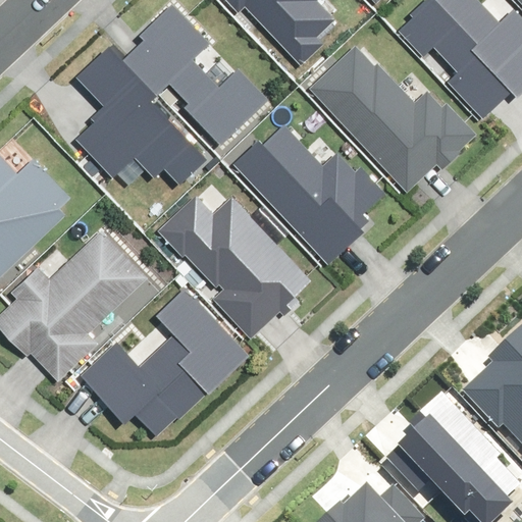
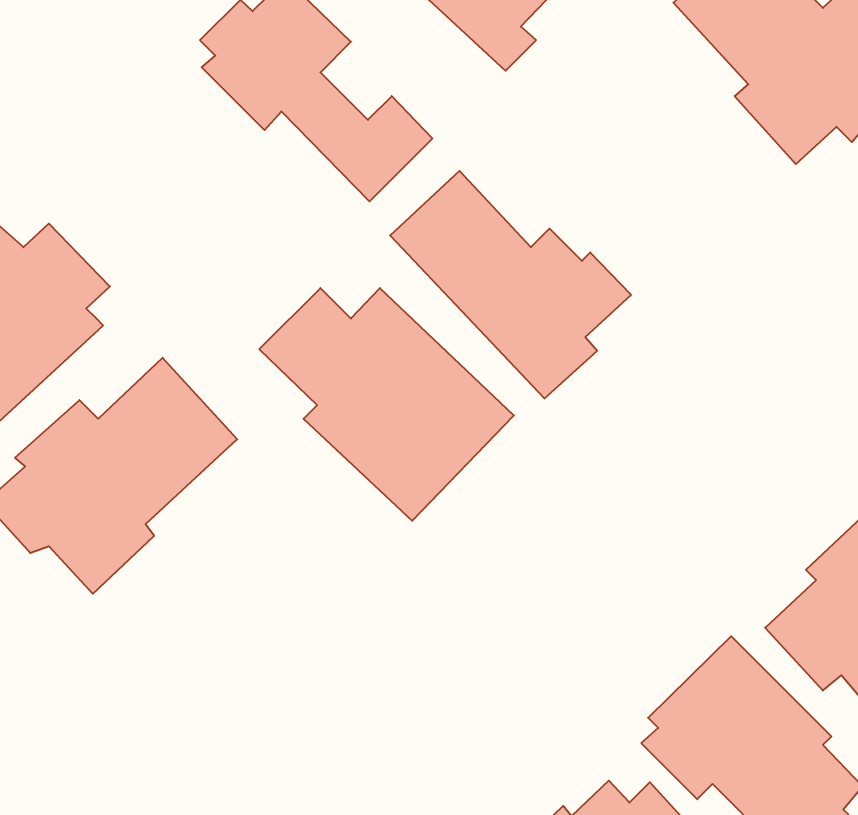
building: [75,45,204,185] -> none
building: [310,49,482,195] -> none
building: [76,286,247,436] -> none

